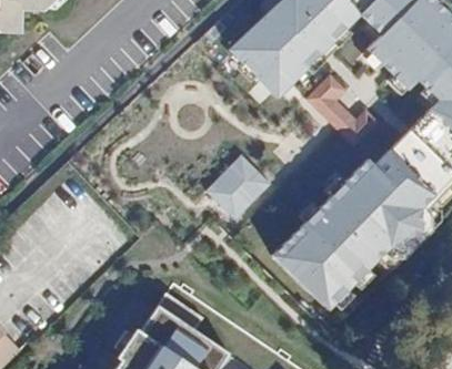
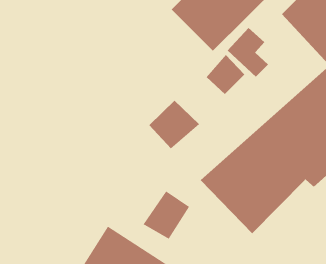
building: none -> [206,54,245,95]
building: none -> [143,190,190,240]

